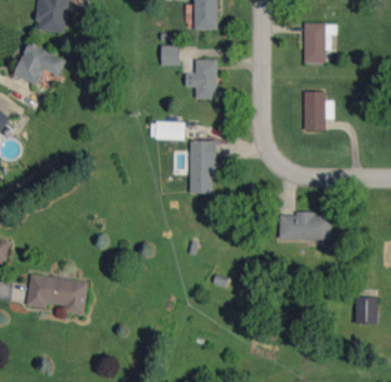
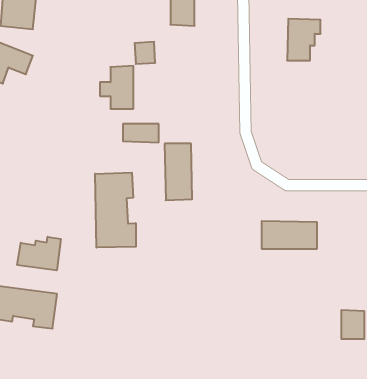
building: [186,59,217,99] -> [100,66,133,109]
building: [304,91,333,130] -> none
building: none -> [95,173,136,248]
building: none -> [17,237,61,270]

